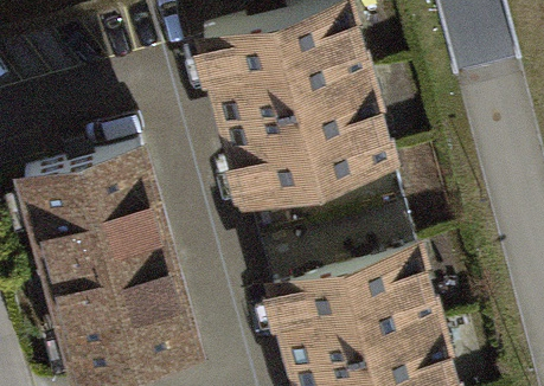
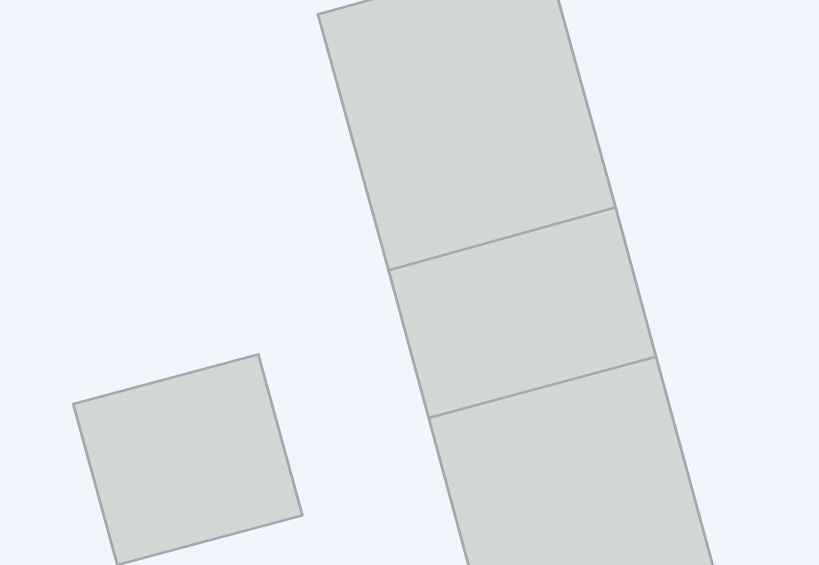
building: [27,150,169,282] -> none

